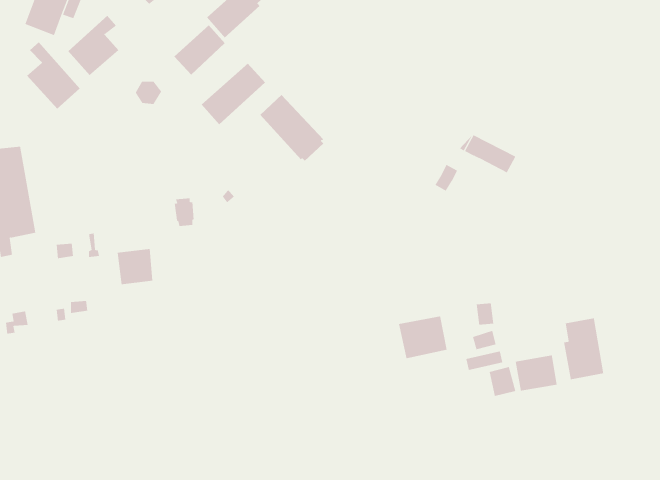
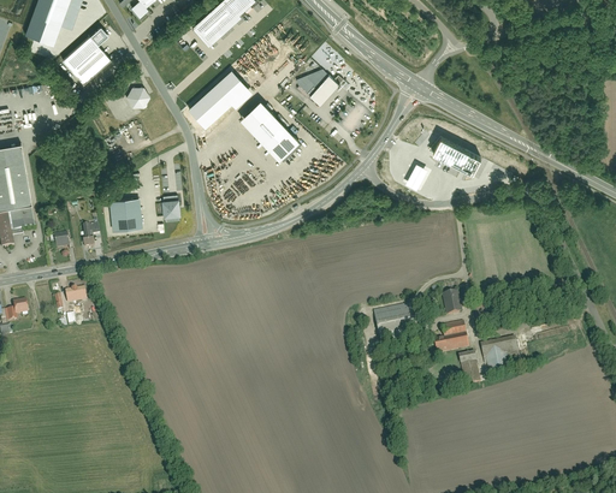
building: [173,25,226,76] -> none
building: [26,41,81,109] -> none
building: none -> [294,69,337,103]
building: [117,249,153,285] -> [108,198,142,232]
building: [564,317,604,380] -> none

